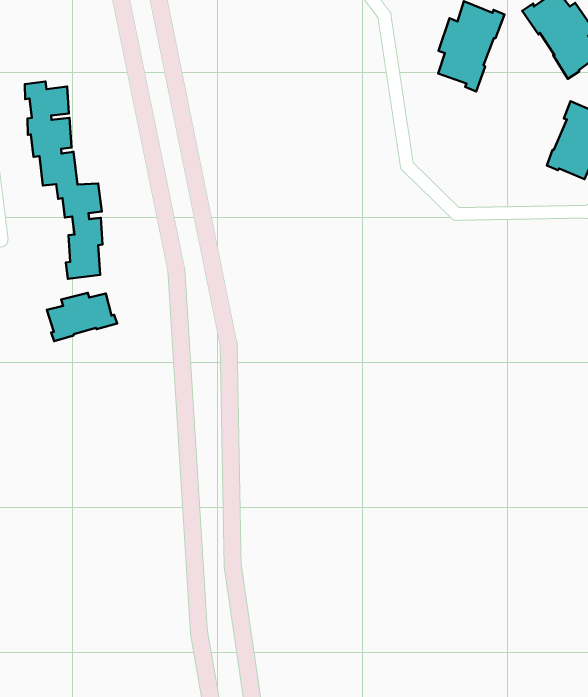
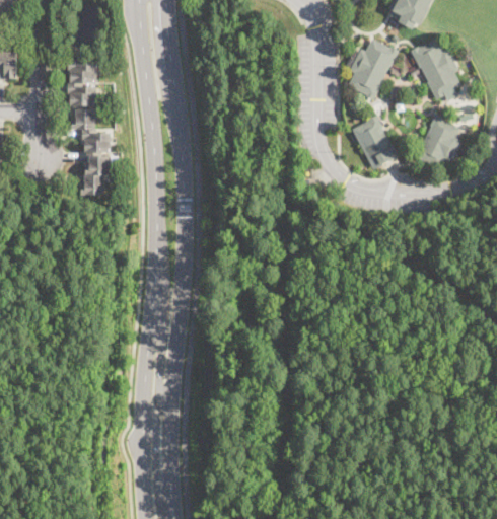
building: none -> [352,115,398,169]
building: [47,293,117,341] -> none

